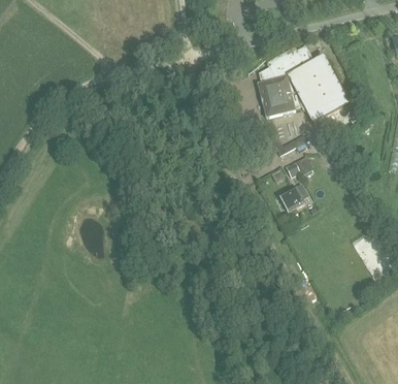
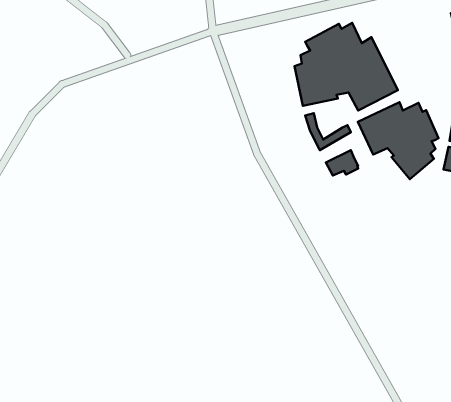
building: none -> [358,102,439,179]
building: [279,184,308,215] -> none

